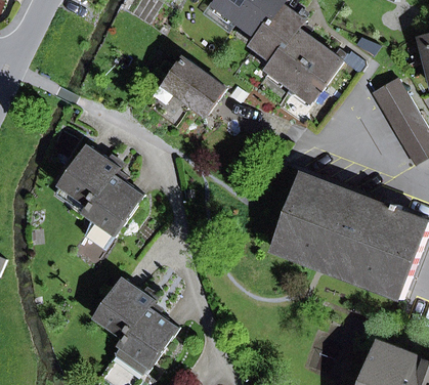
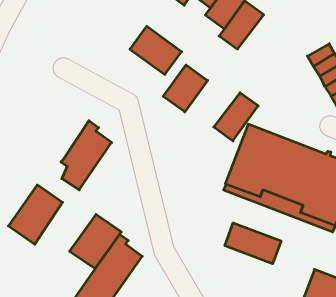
building: [289,44,341,100] -> [214,93,258,141]
building: none -> [163,65,208,112]
building: [53,144,117,214] -> [8,185,63,244]
building: none -> [225,223,281,264]

